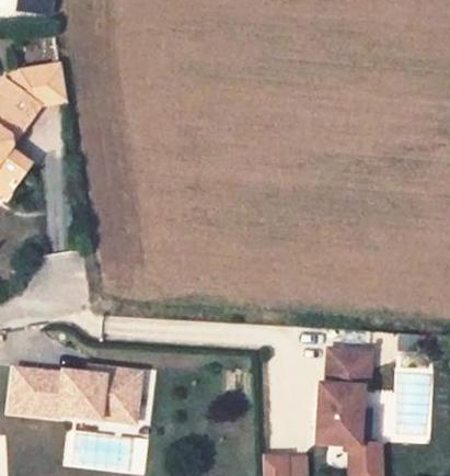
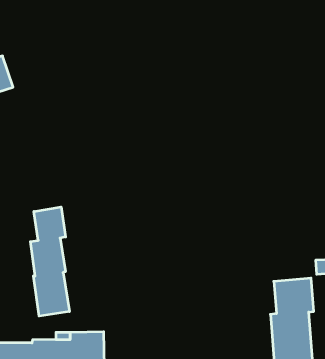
building: none -> [30,207,69,316]

